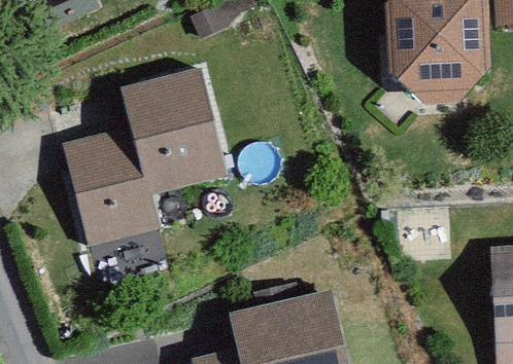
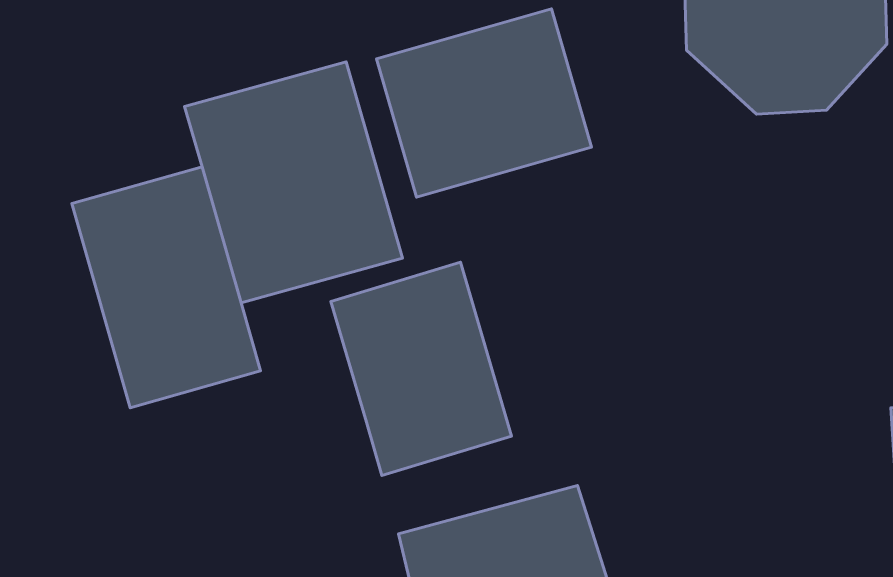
building: none -> [377,9,592,197]
building: none -> [331,262,511,476]

